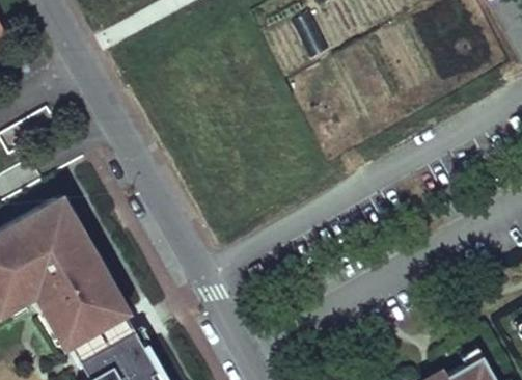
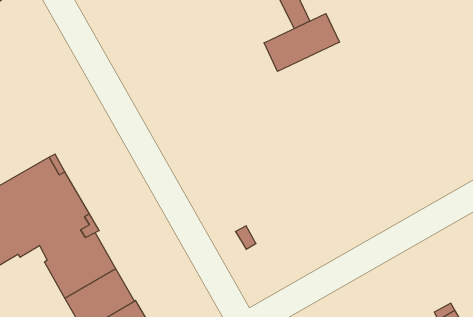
building: none -> [264,14,339,71]

